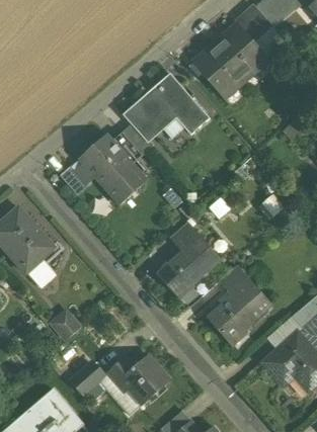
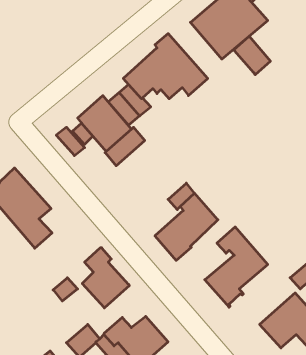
building: none -> [234,36,270,75]
building: none -> [82,248,129,308]

